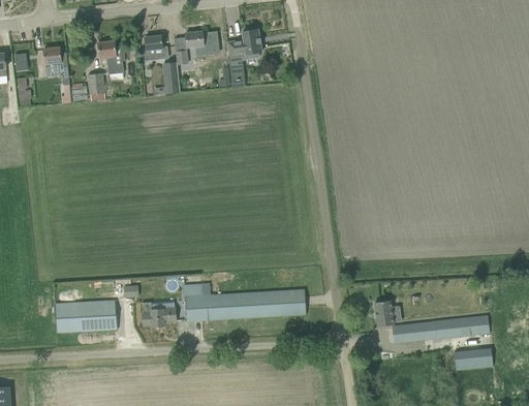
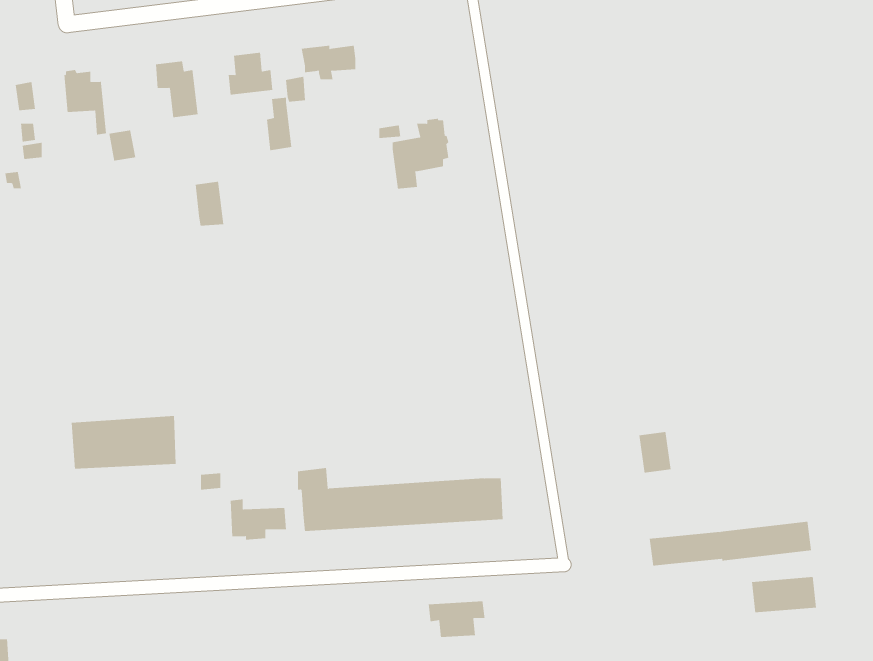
building: [226,28,260,70] -> [392,118,449,189]
building: [87,73,104,100] -> [195,181,224,226]
building: [54,300,117,332] -> [71,416,177,469]
building: [373,301,393,325] -> [638,432,671,473]
building: none -> [428,600,485,638]

